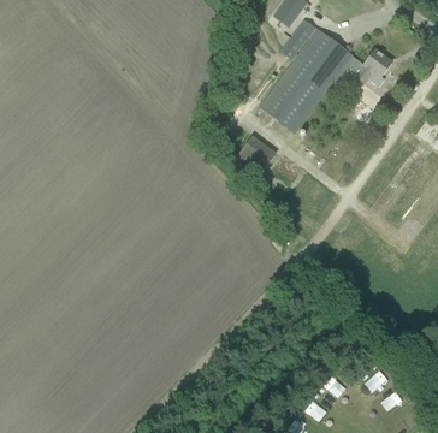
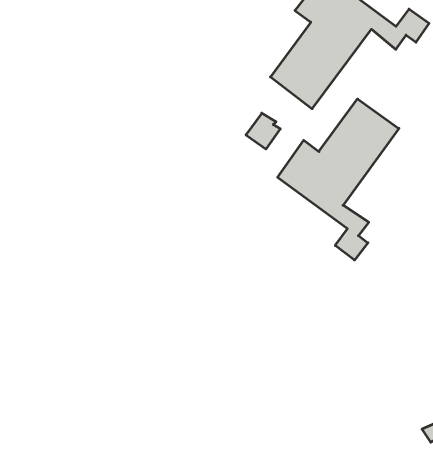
building: none -> [278,99,399,260]

